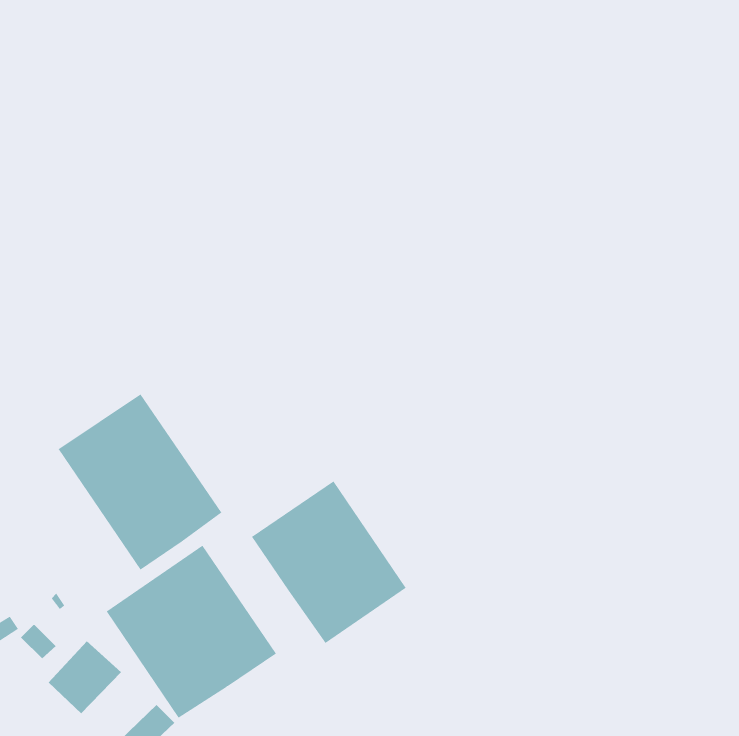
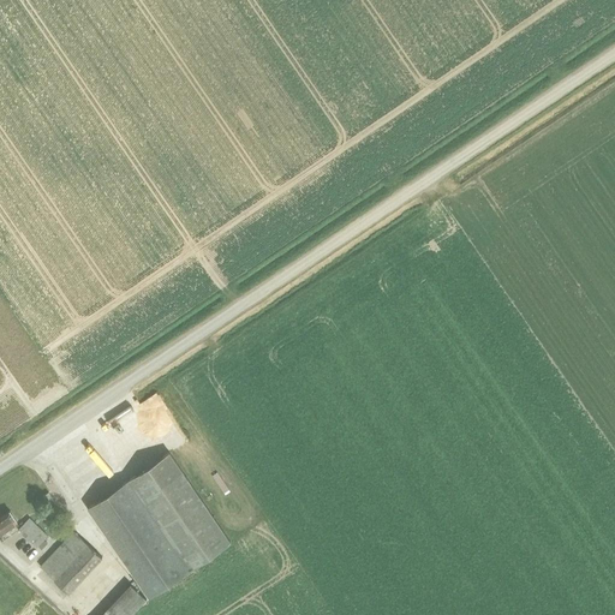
building: [58,393,222,570] -> none
building: [251,480,406,644] -> none

